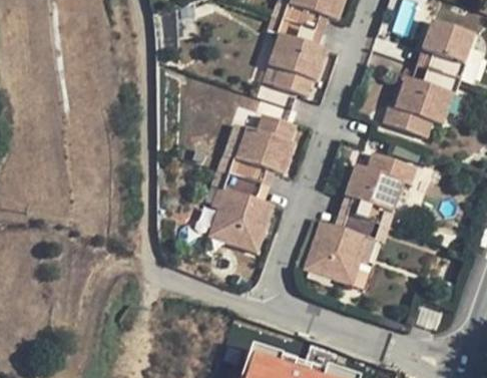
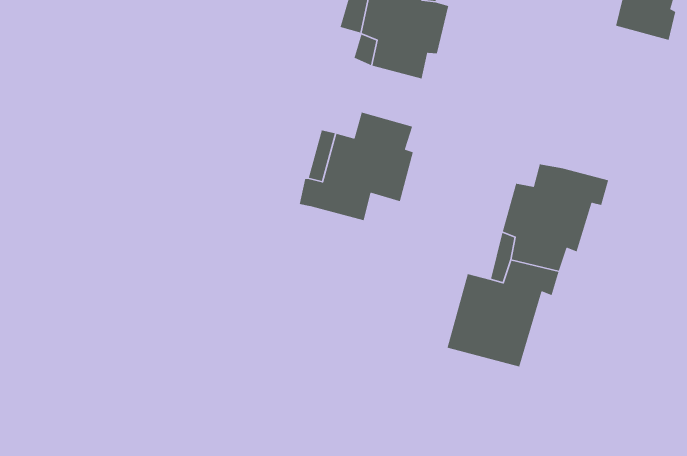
building: [382,72,460,138] -> none
building: [207,169,272,249] -> none

